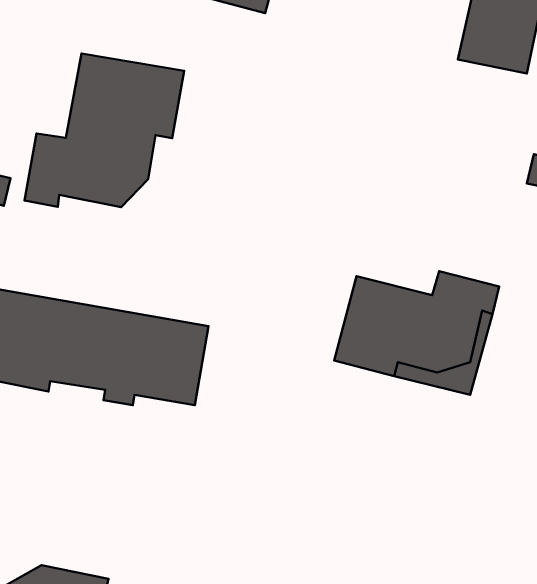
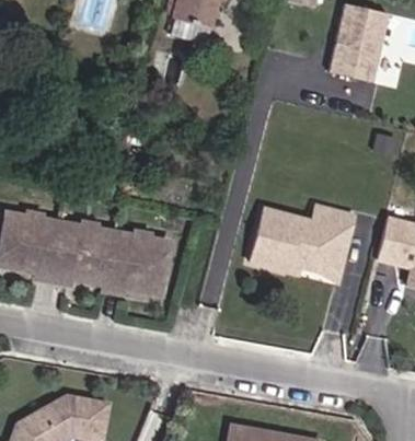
building: [25,54,184,207] -> none

